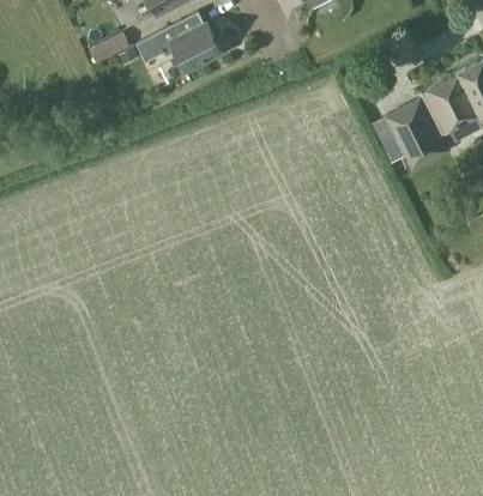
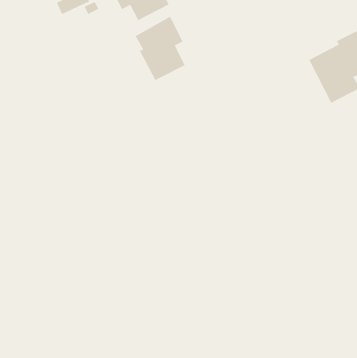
building: none -> [135,16,185,81]

